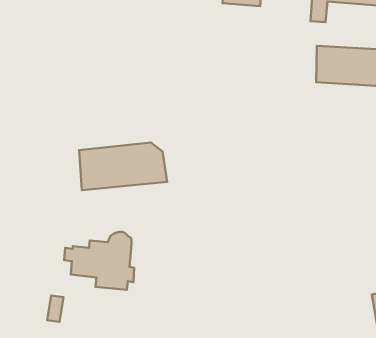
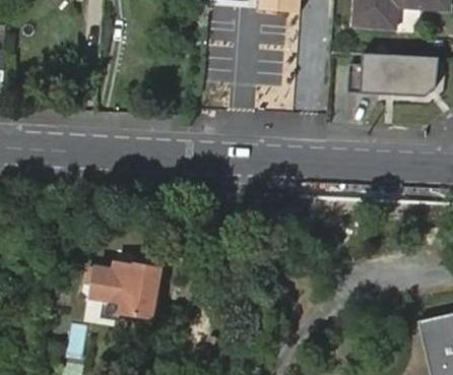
building: [79,142,167,190] -> none

